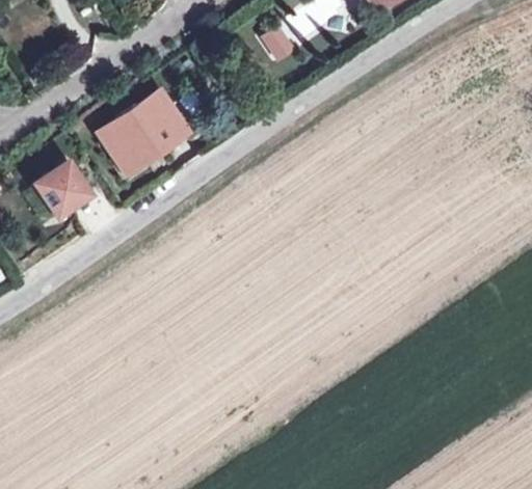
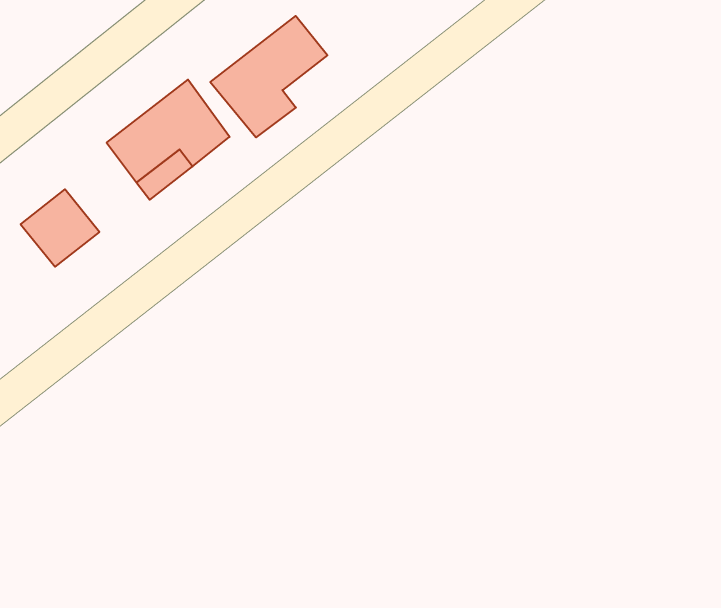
building: none -> [210,16,327,137]

